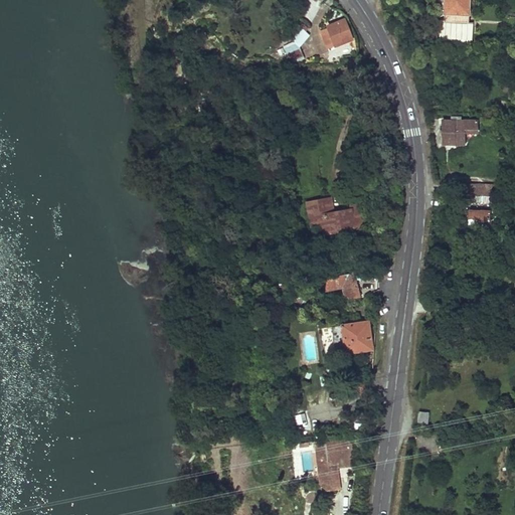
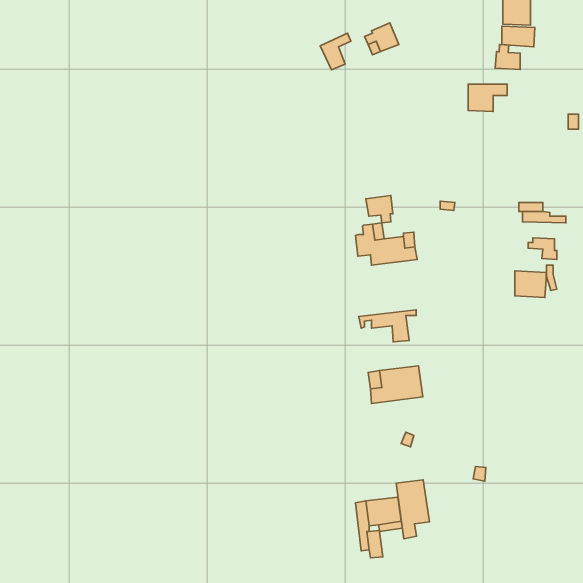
building: none -> [495,44,520,70]
building: [442,121,476,145] -> [468,84,507,112]
building: none -> [366,196,393,223]
building: none -> [515,271,546,297]
building: none -> [396,480,430,539]

